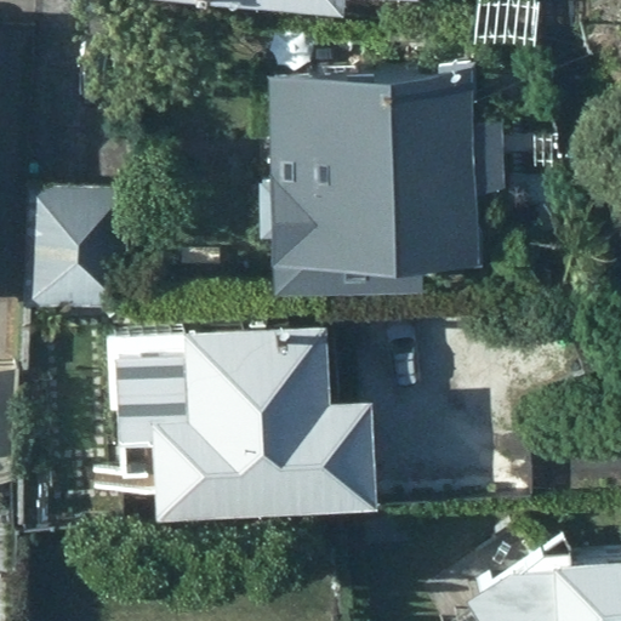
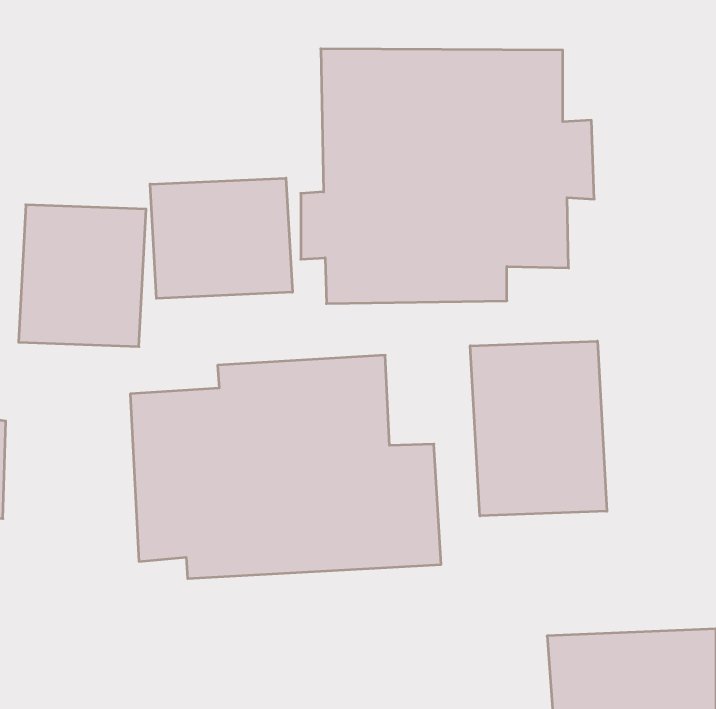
building: none -> [150,178,292,298]
building: none -> [470,341,607,516]

